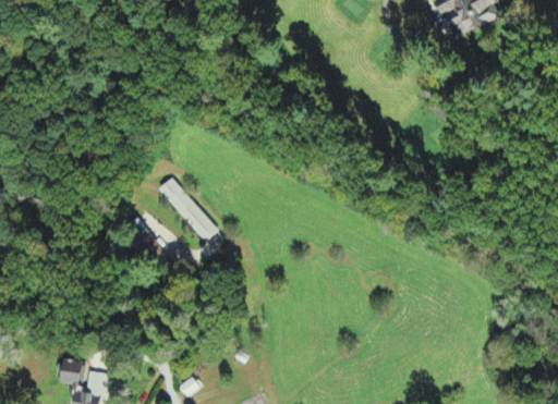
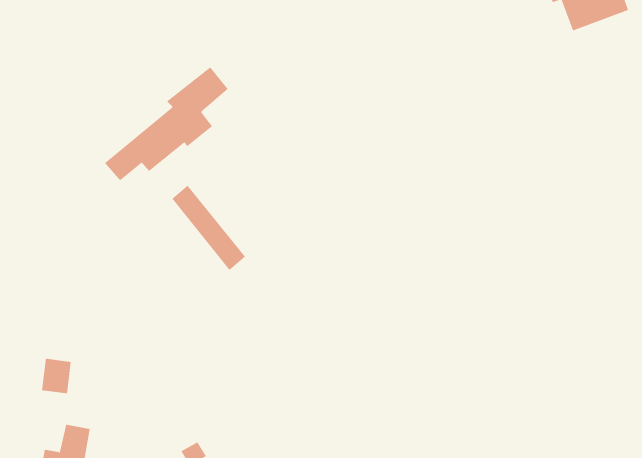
building: none -> [104,66,229,181]
building: [60,357,82,383] -> [41,358,72,394]

